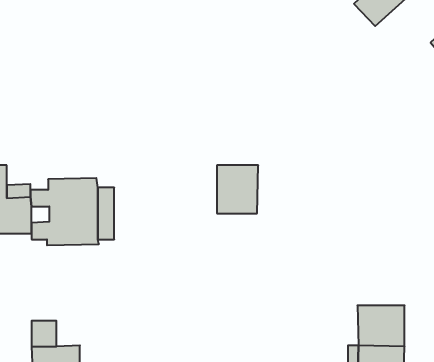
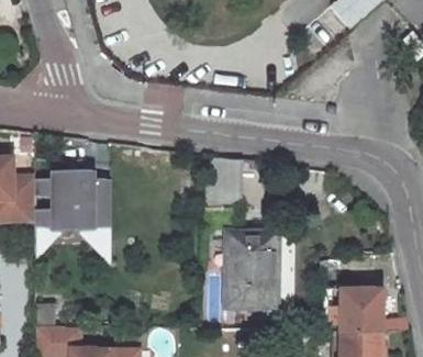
building: none -> [229,230,278,303]

